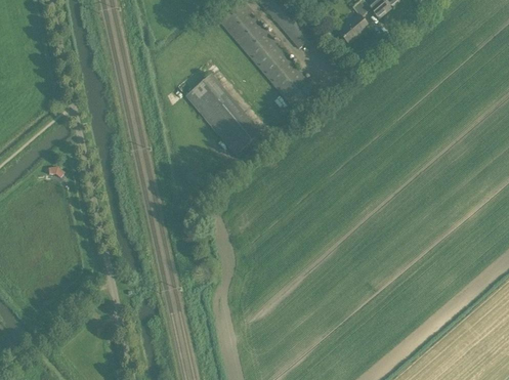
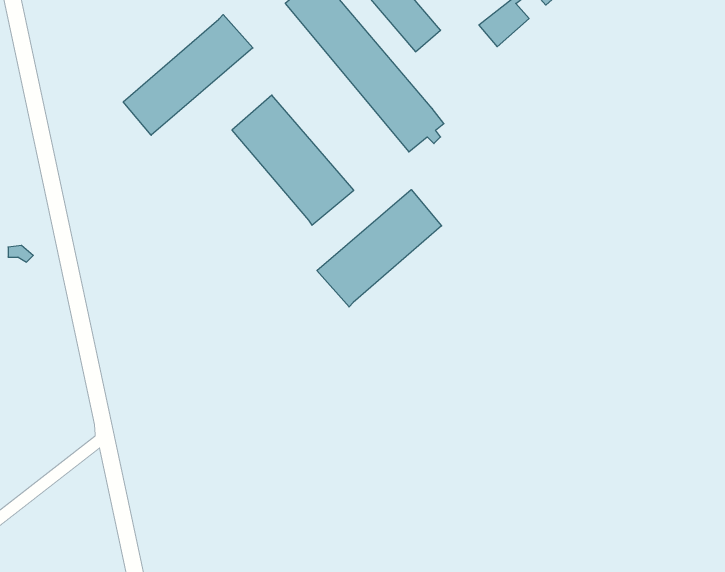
building: none -> [123,15,253,135]
building: none -> [317,190,442,307]

